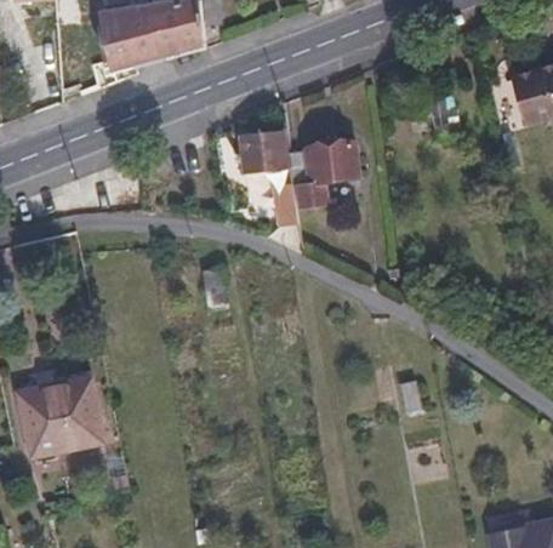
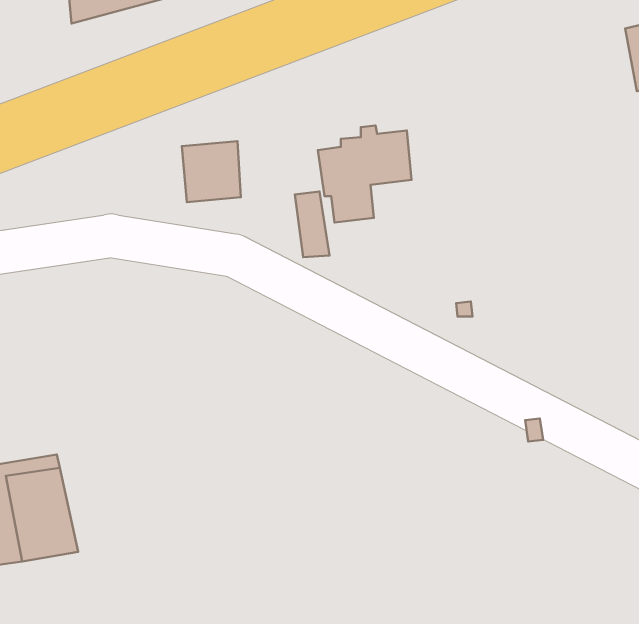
building: [236,130,280,175] -> [182,141,241,202]

